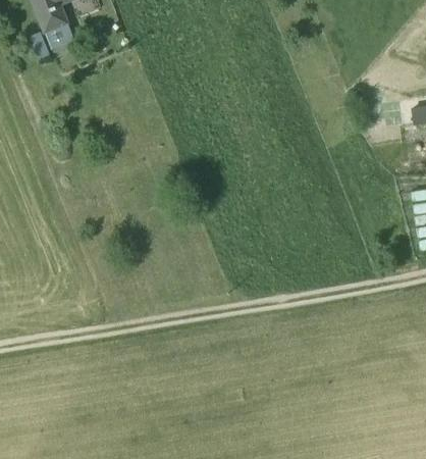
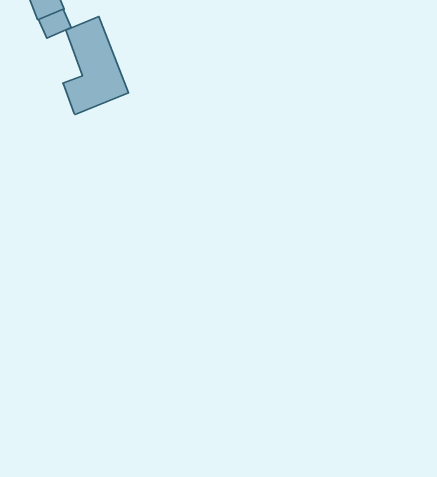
building: none -> [63,17,129,114]

